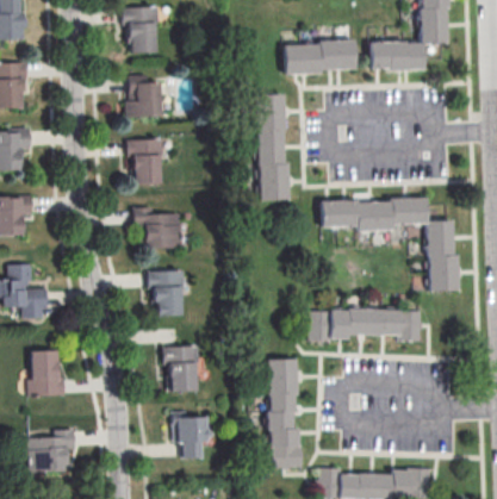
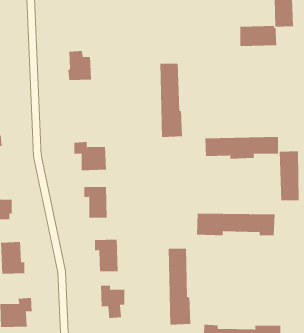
building: [120,12,155,54] -> none
building: [285,42,355,73] -> none
building: [128,138,161,183] -> none

